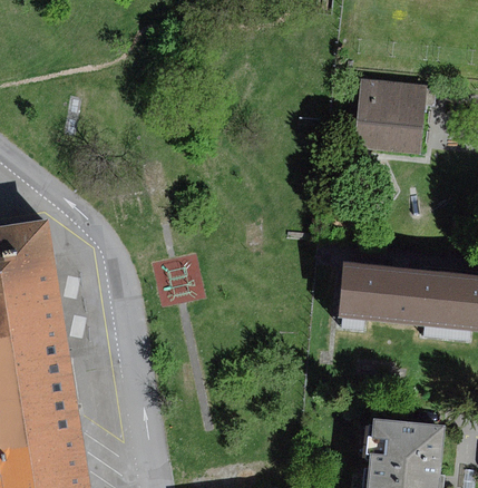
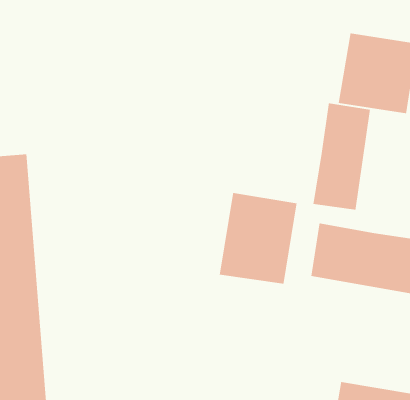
building: none -> [313,102,370,211]
building: none -> [219,192,297,285]

